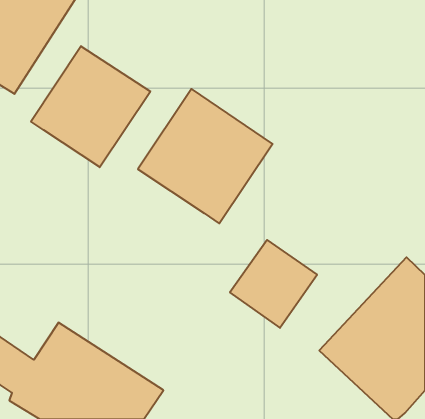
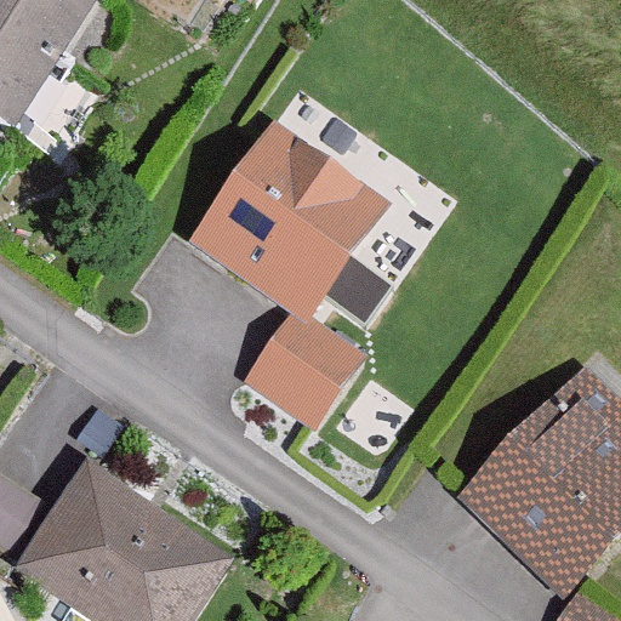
building: [31,46,150,167] -> none
building: [230,240,317,328] -> [239,306,364,432]

